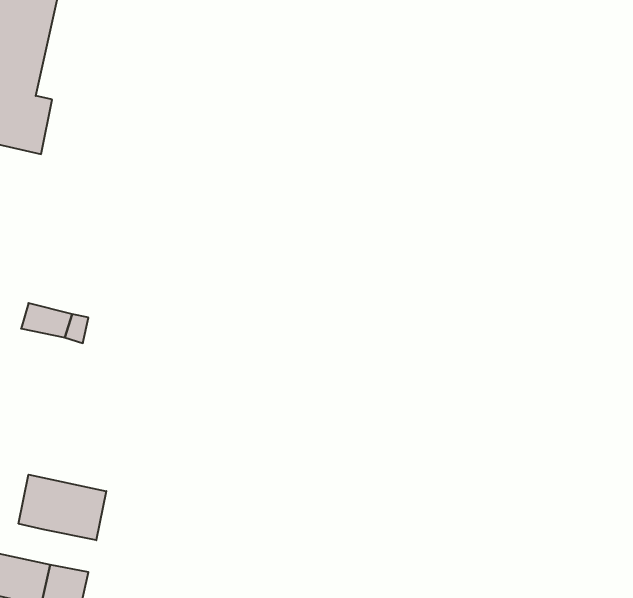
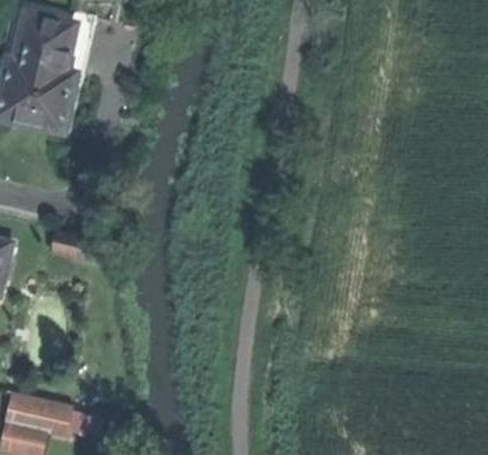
building: [19,475,106,540] -> none

